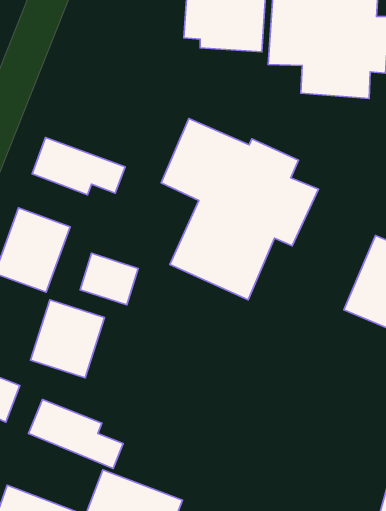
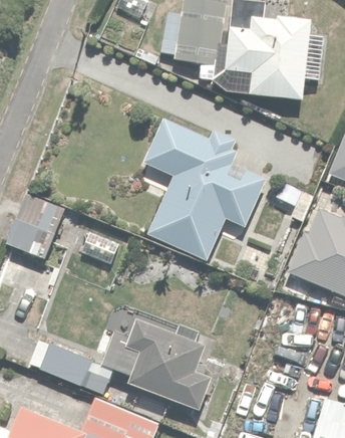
building: [32,138,125,195] -> none
building: [30,300,105,378] -> none
building: none -> [102,320,214,417]

